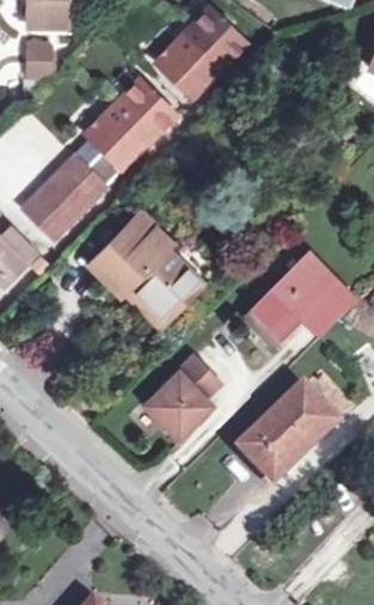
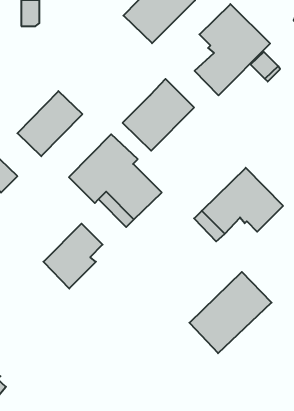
building: none -> [195,4,270,95]
building: [86,79,176,169] -> [123,79,194,151]
building: [146,356,220,438] -> [43,224,103,289]

